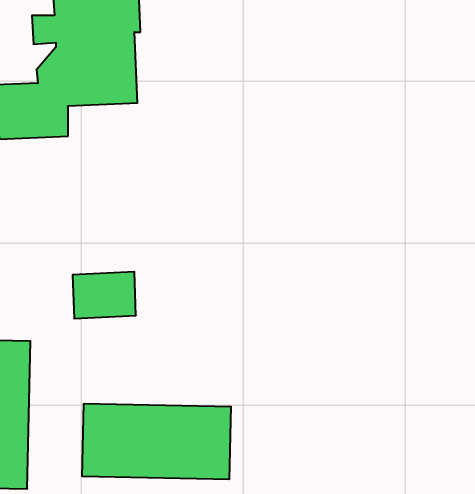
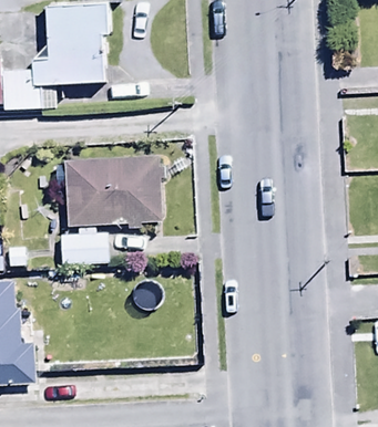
building: none -> [64,155,161,221]
building: [82,404,231,479] -> none

